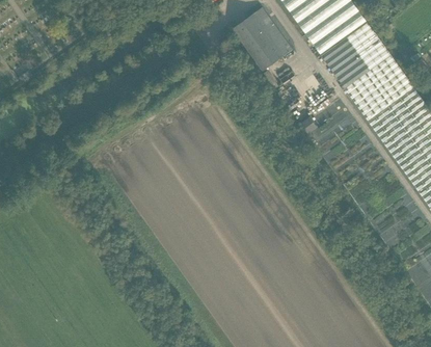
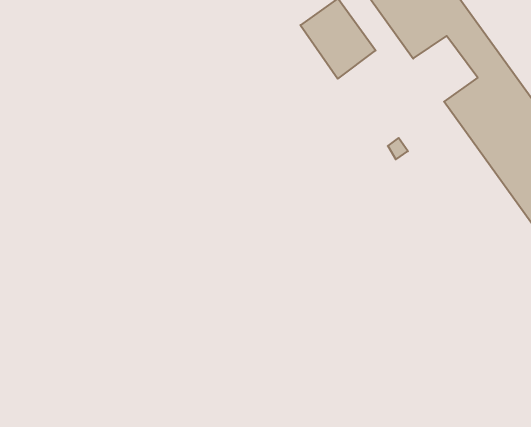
building: [320,37,370,88] -> none

